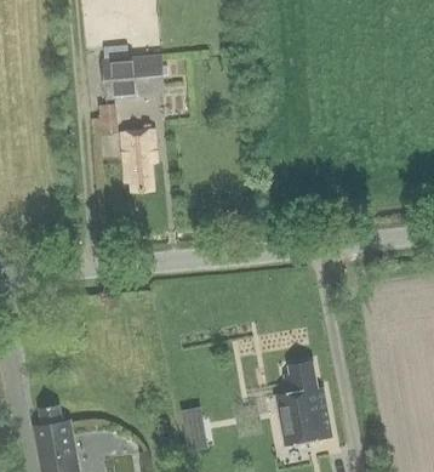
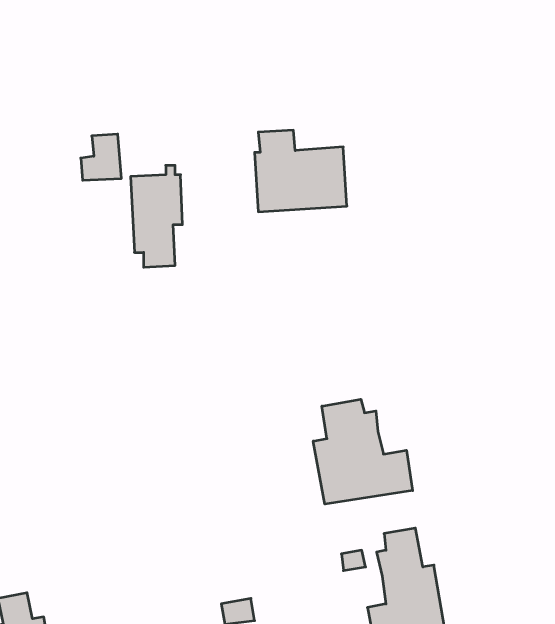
building: [105,45,166,98] -> [255,130,347,212]
building: none -> [313,399,413,504]

